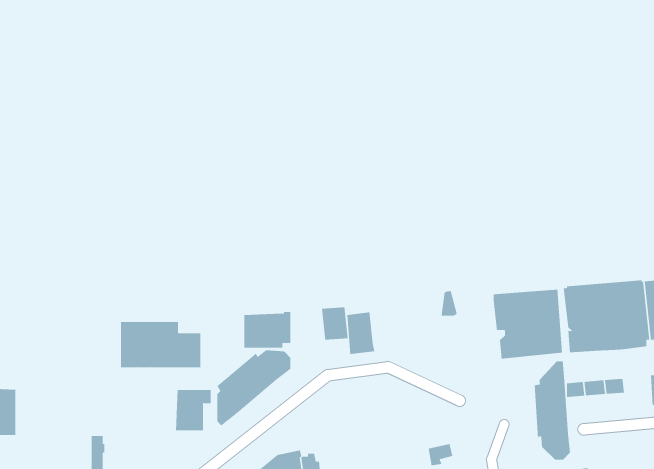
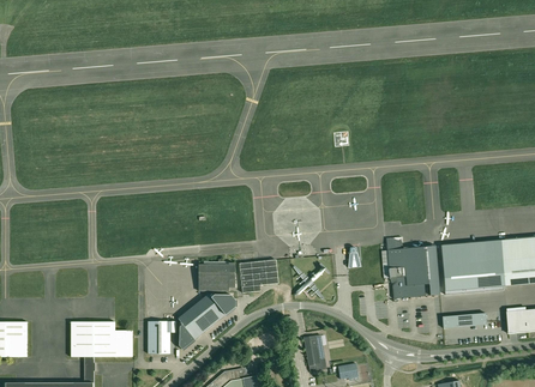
building: [346,312,375,355] -> [240,260,262,292]
building: [120,322,201,368] -> [71,321,132,356]
building: [534,360,570,461] -> none
building: none -> [303,334,326,370]

